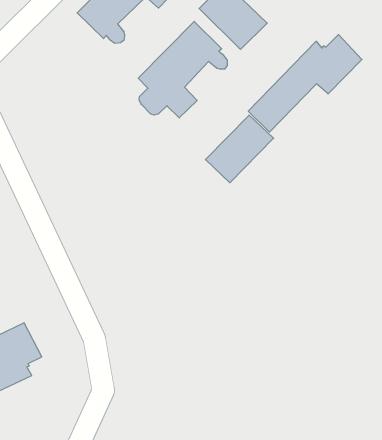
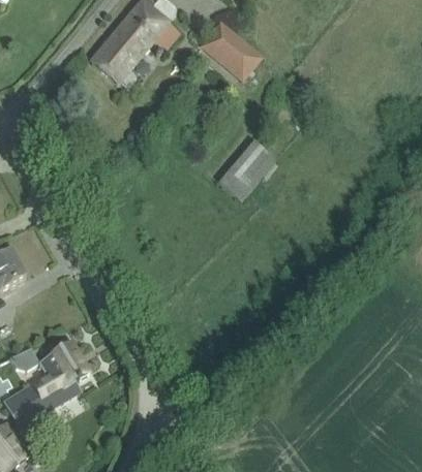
building: [138,21,227,118] -> none
building: [248,35,362,132] -> none

